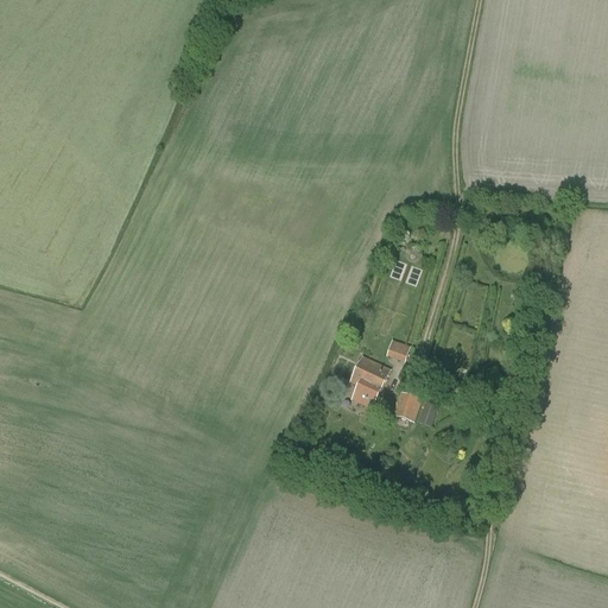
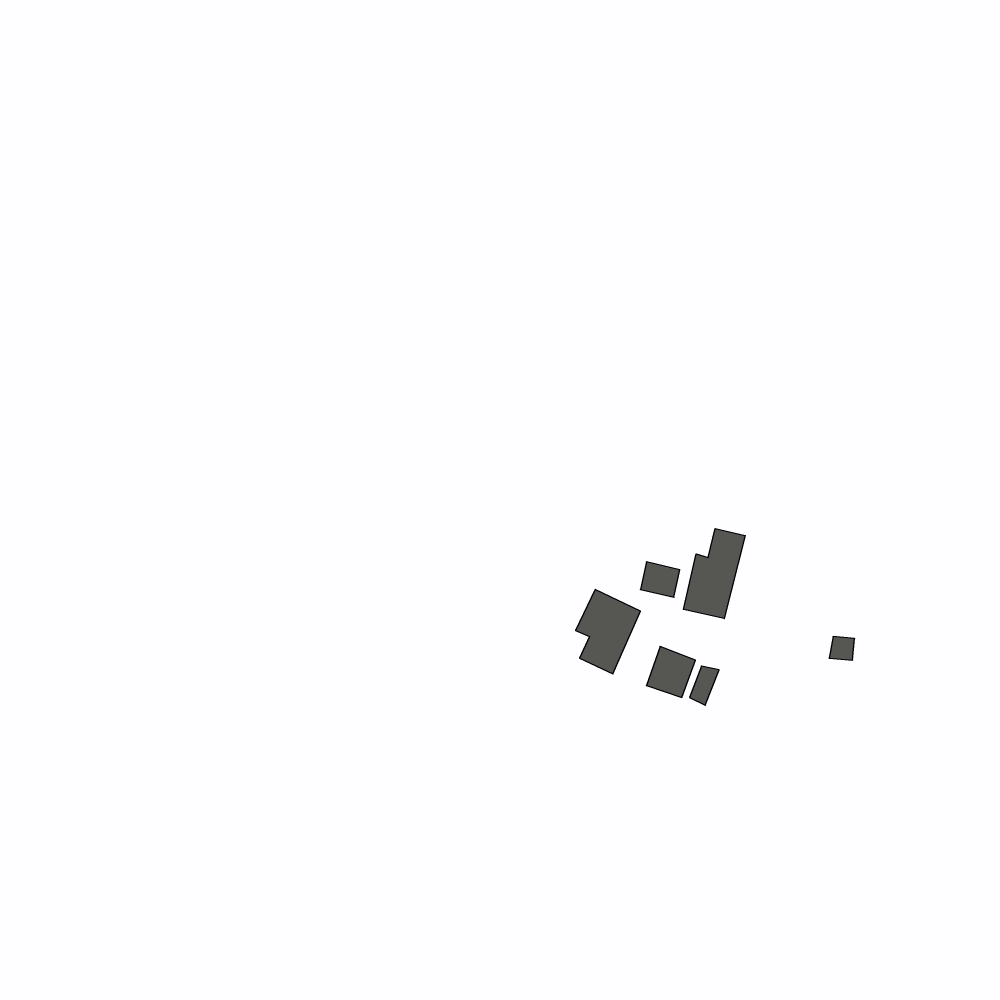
building: none -> [683,529,745,619]

